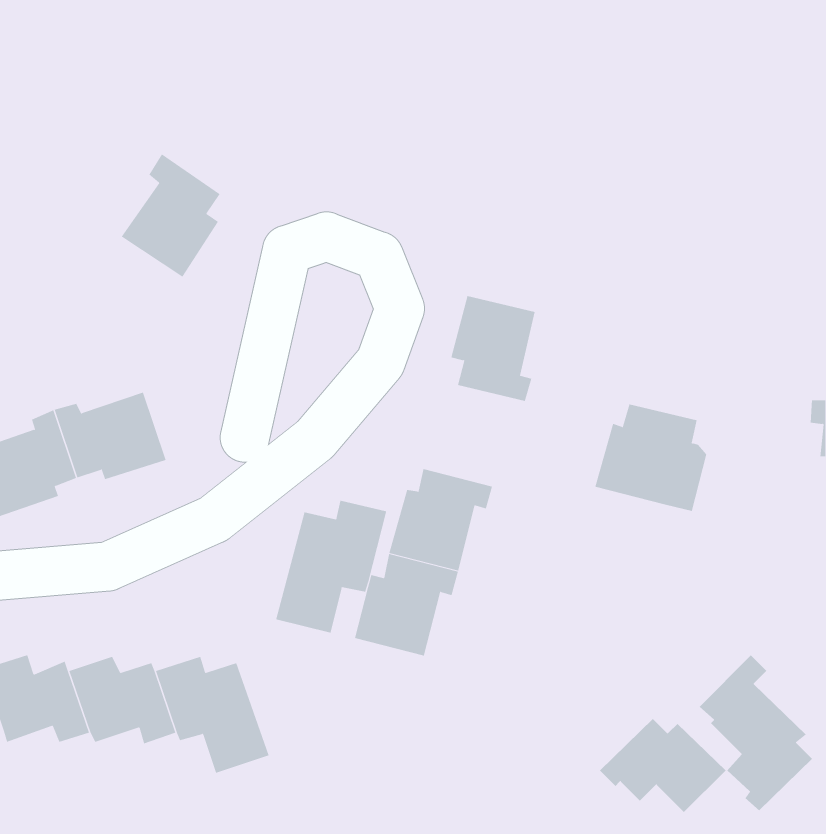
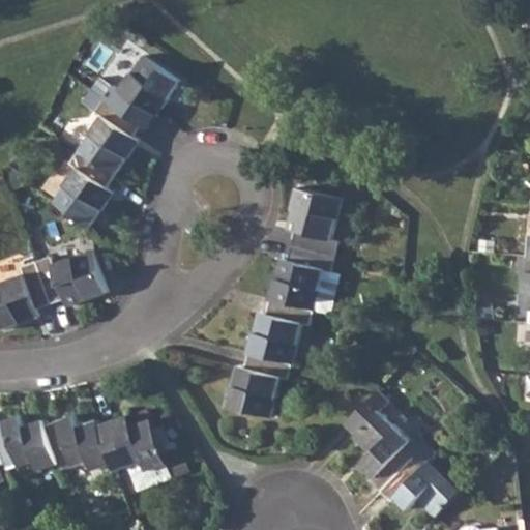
building: none -> [102,56,178,123]
building: none -> [51,150,116,228]
building: [595,404,707,511] -> [268,244,340,313]
building: [276,500,387,634] -> none
building: [699,654,813,811] -> [342,389,414,489]

